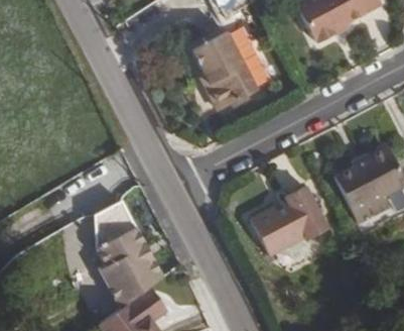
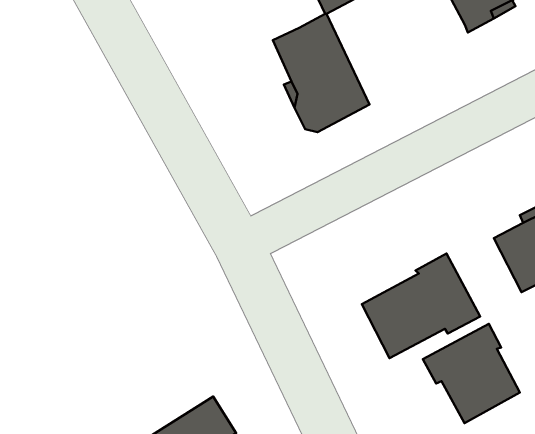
building: [94,201,165,301] -> none
building: none -> [423,324,520,423]

